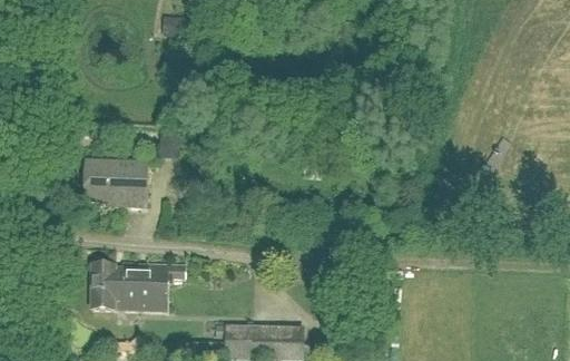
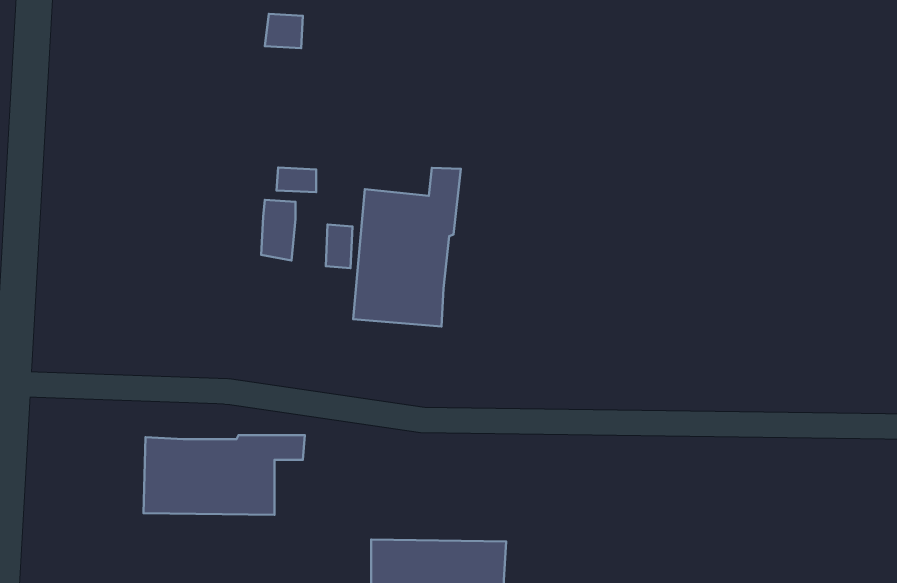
building: none -> [353,168,461,326]
building: [82,157,147,205] -> none

